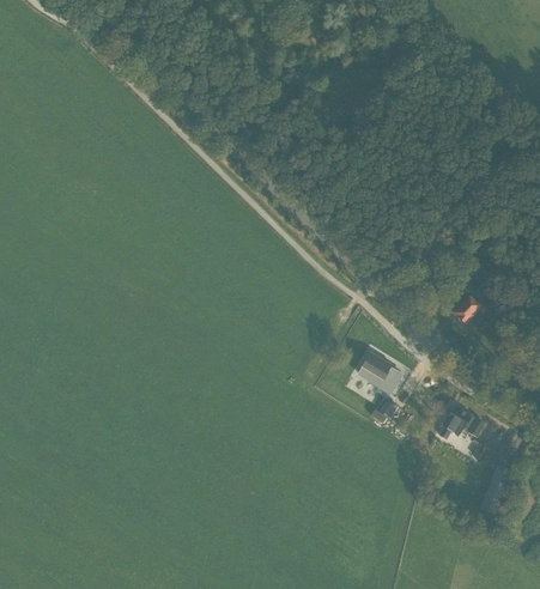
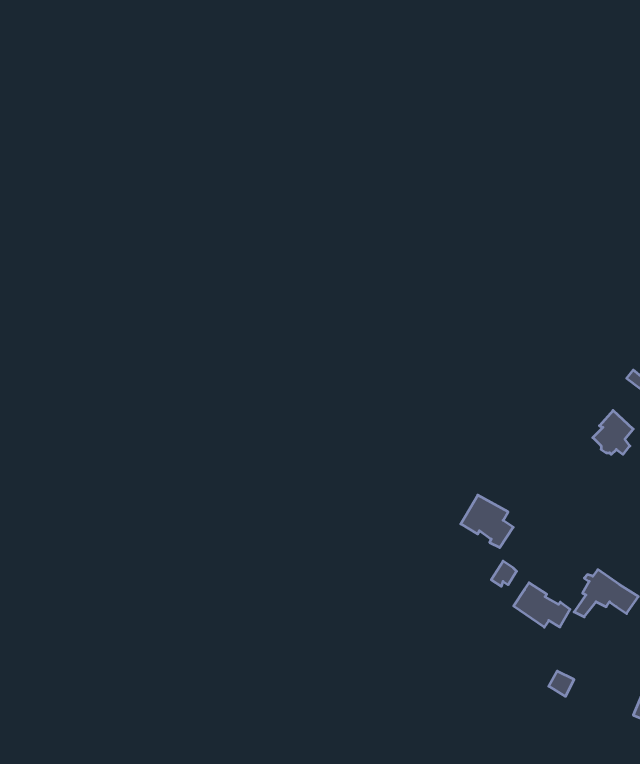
building: none -> [514,583,570,627]

